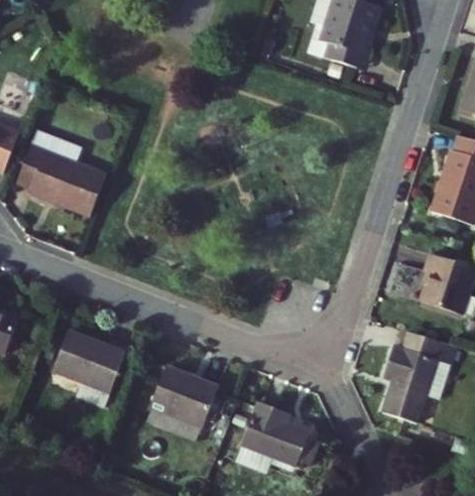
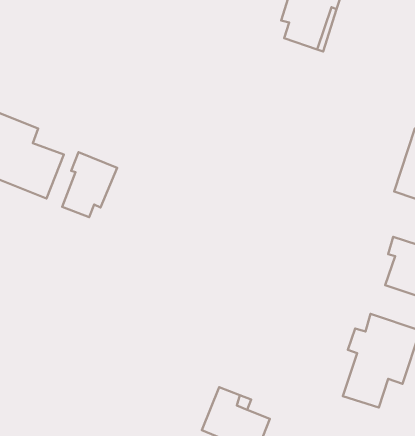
building: none -> [62,152,117,217]
building: [51,332,125,409] -> none
building: [151,365,220,426] -> none

